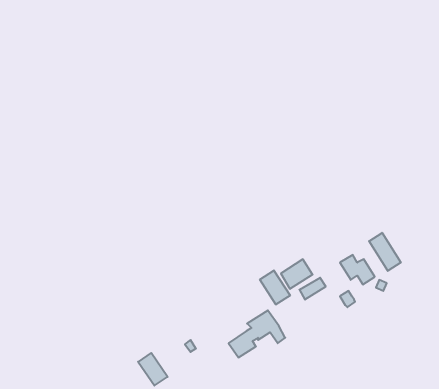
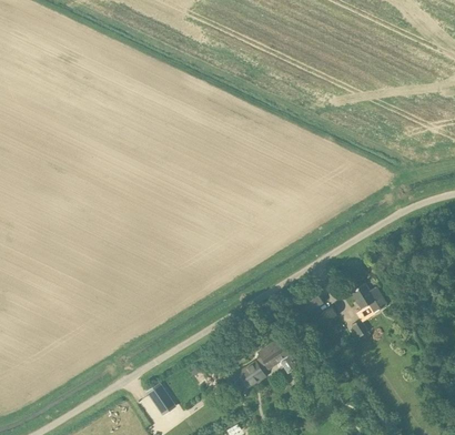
building: [369,233,401,271] -> none
building: [260,270,290,305] -> none

